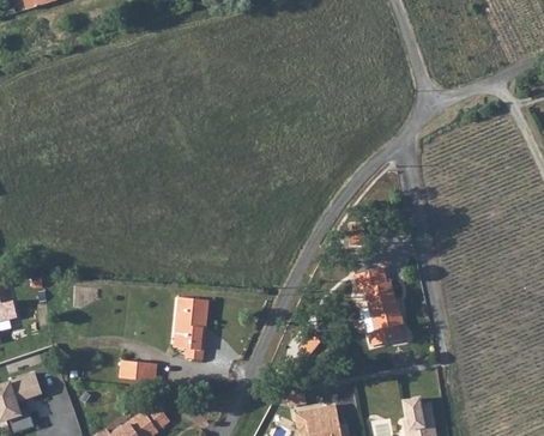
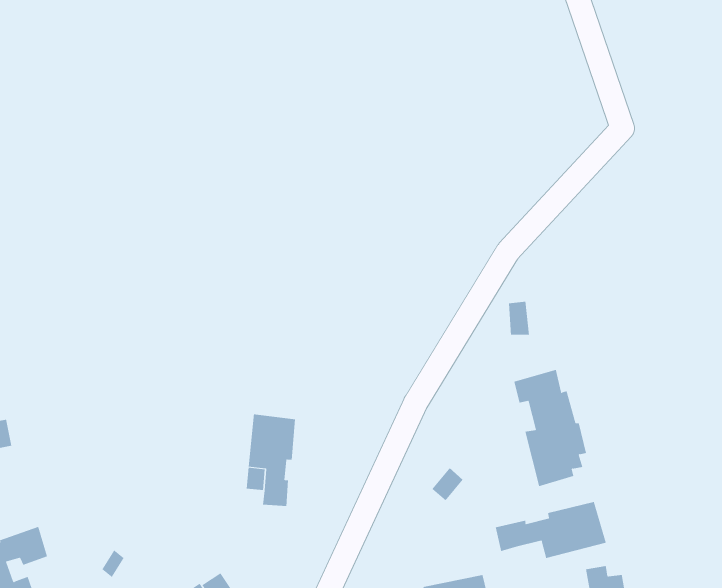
building: none -> [495,501,606,559]
building: [120,361,155,382] -> none

